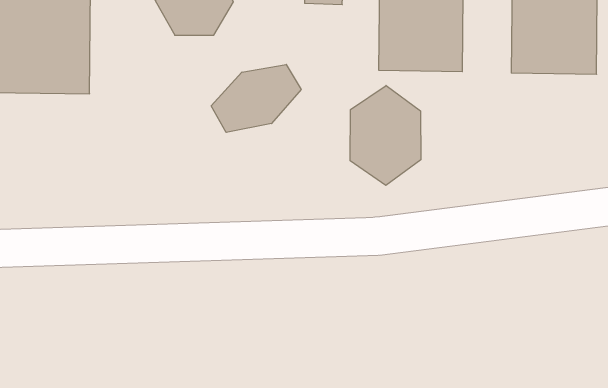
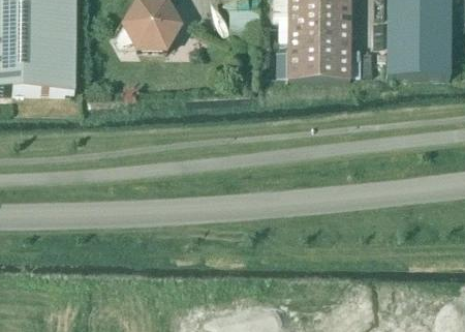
building: [211,64,301,132] -> none
building: [350,85,421,185] -> none

